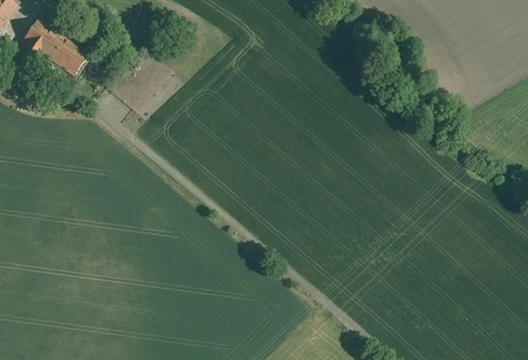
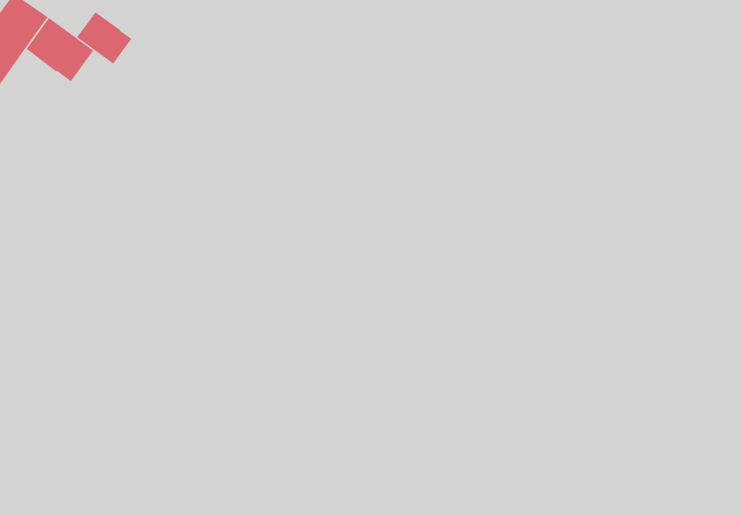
building: none -> [76,12,132,64]

